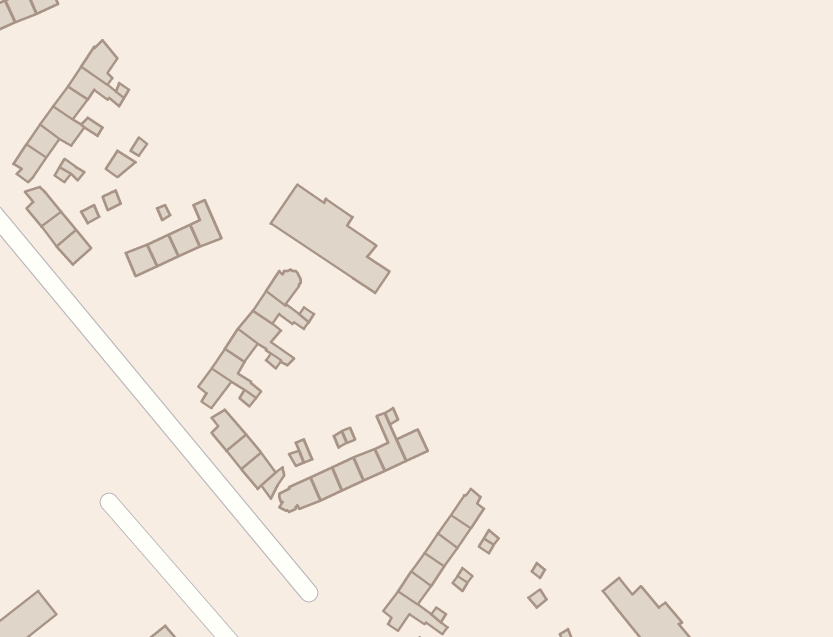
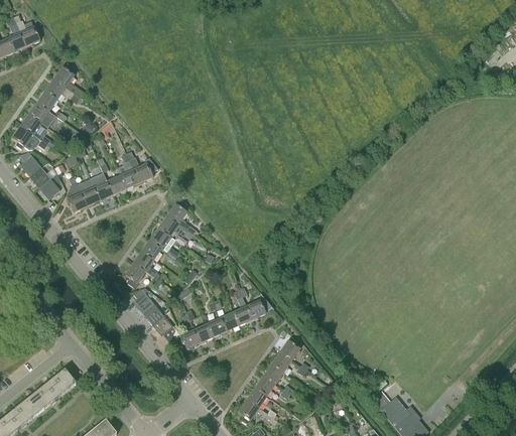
building: [271,185,389,293] -> none
building: none -> [129,157,158,183]
building: none -> [67,176,87,212]
building: none -> [27,369,76,413]

